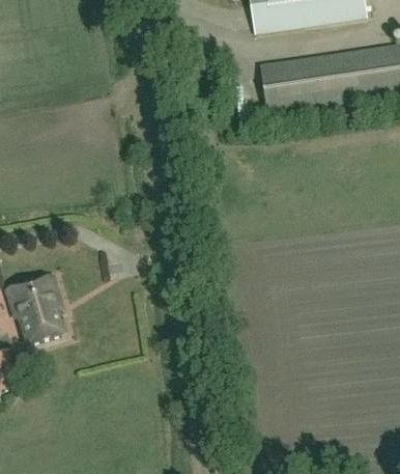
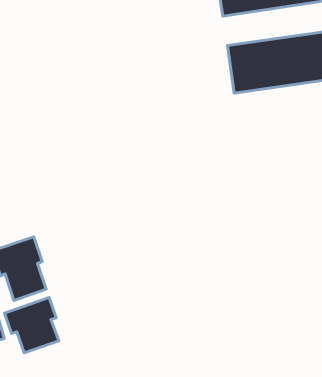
building: none -> [4,298,59,353]

